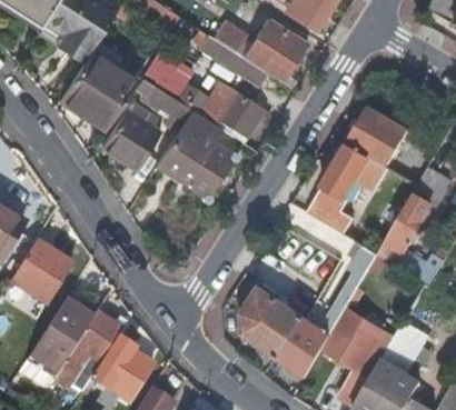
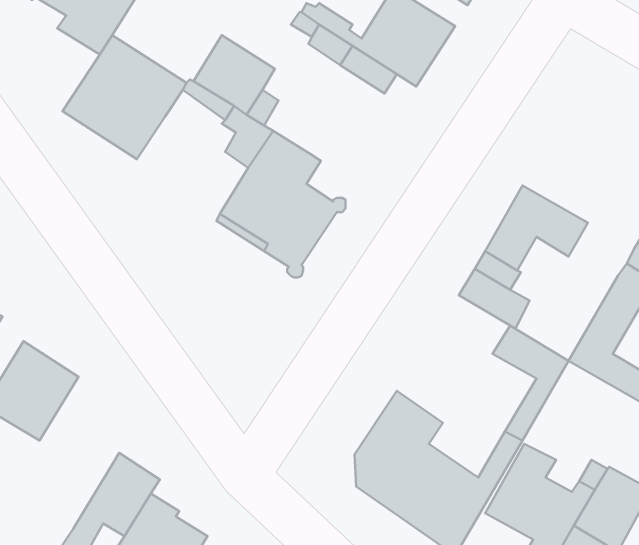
building: [214,80,266,143] -> none
building: [101,101,158,167] -> none
building: [348,109,408,167] -> none
building: [38,301,91,360] -> none

